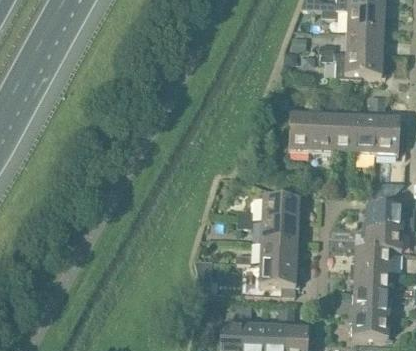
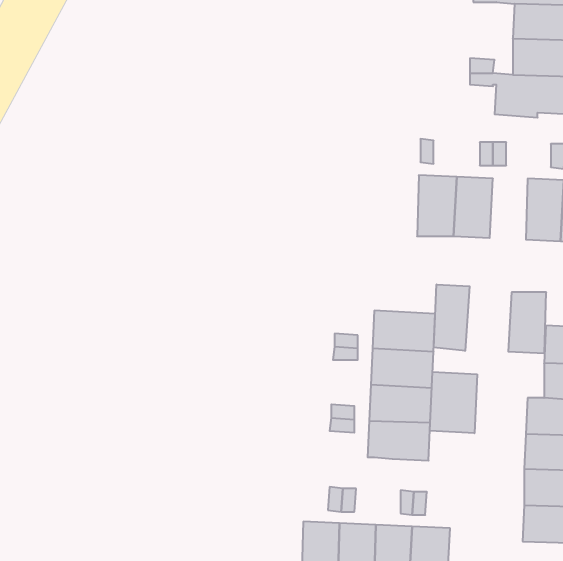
building: [333,114,356,151] -> [508,292,546,353]
building: none -> [434,284,470,351]
building: none -> [430,372,477,433]

